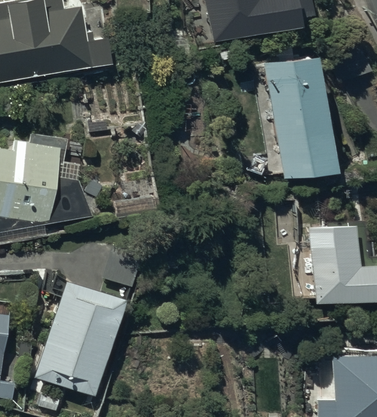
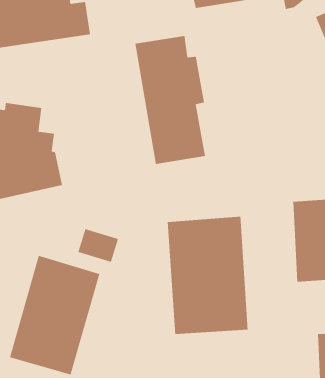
building: [266,55,335,180] -> [135,35,206,164]
building: none -> [167,216,248,335]

